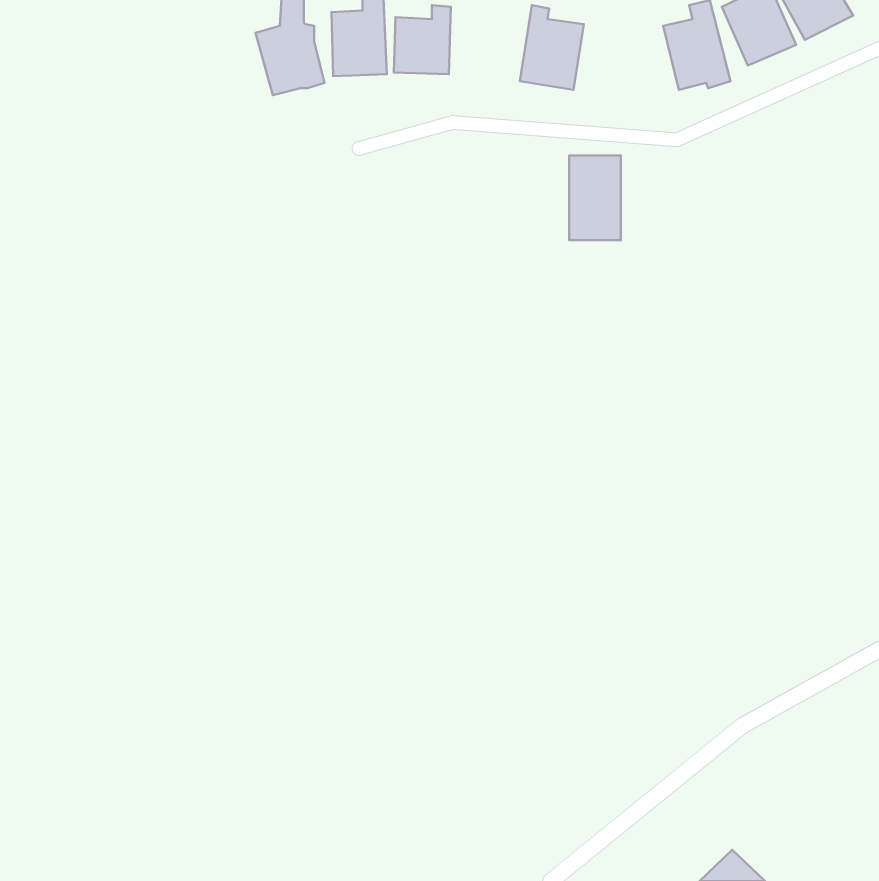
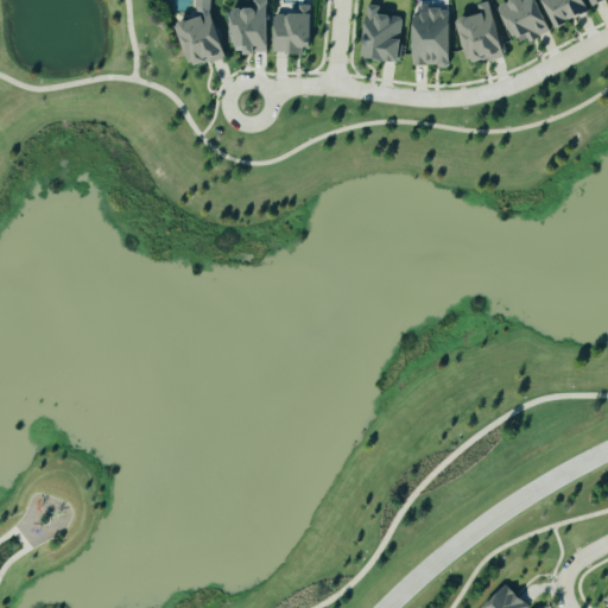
building: [569,156,621,240] -> [412,7,448,65]

